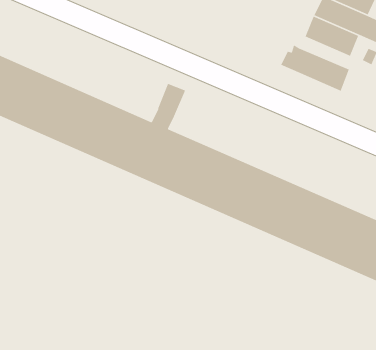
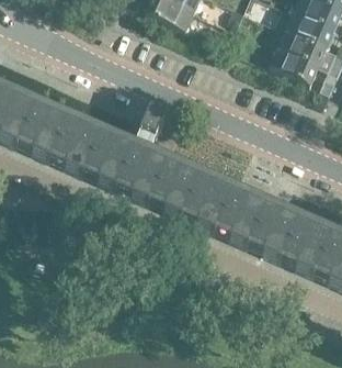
building: [280,44,350,92] -> none

